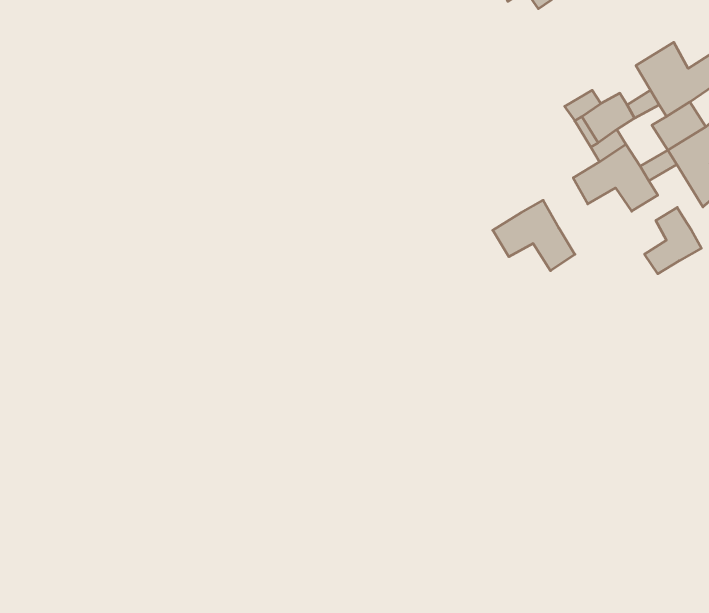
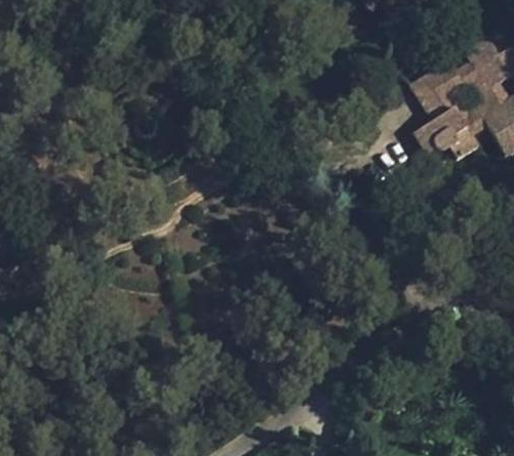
building: [493,200,575,271] -> none
building: [645,207,701,274] -> none

